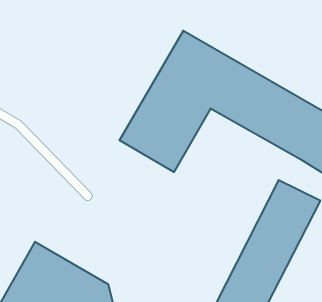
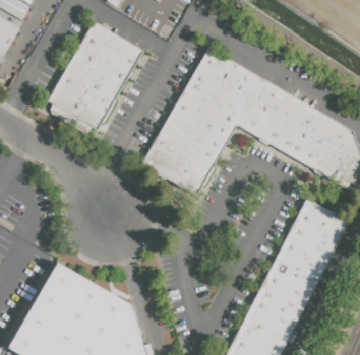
building: none -> [49,21,142,128]

